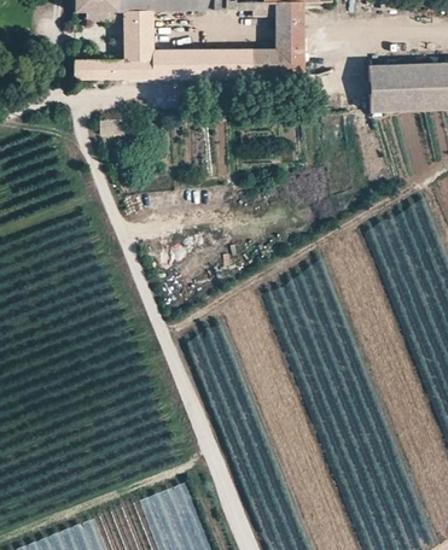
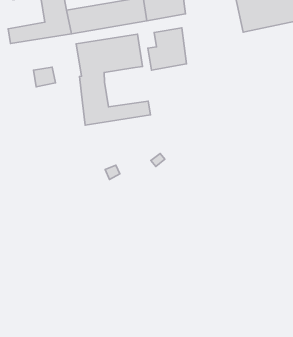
building: none -> [76,34,150,125]
building: none -> [148,28,187,70]

